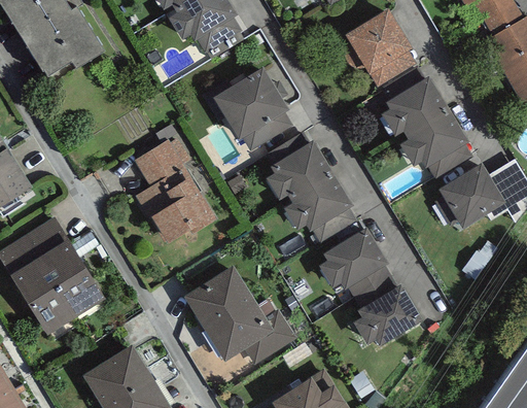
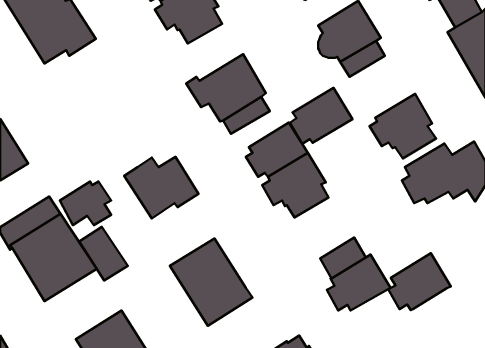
building: [382,74,450,135] -> [290,88,352,144]
building: [135,140,190,188] -> [60,181,111,225]
building: [320,226,388,287] -> [388,253,451,310]
building: none -> [79,227,128,280]
building: [243,311,296,366] -> none

